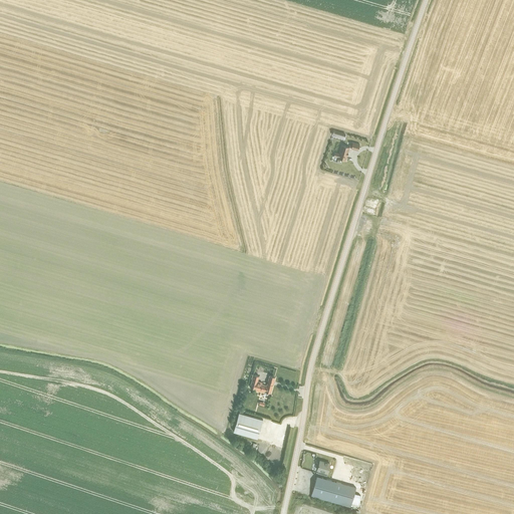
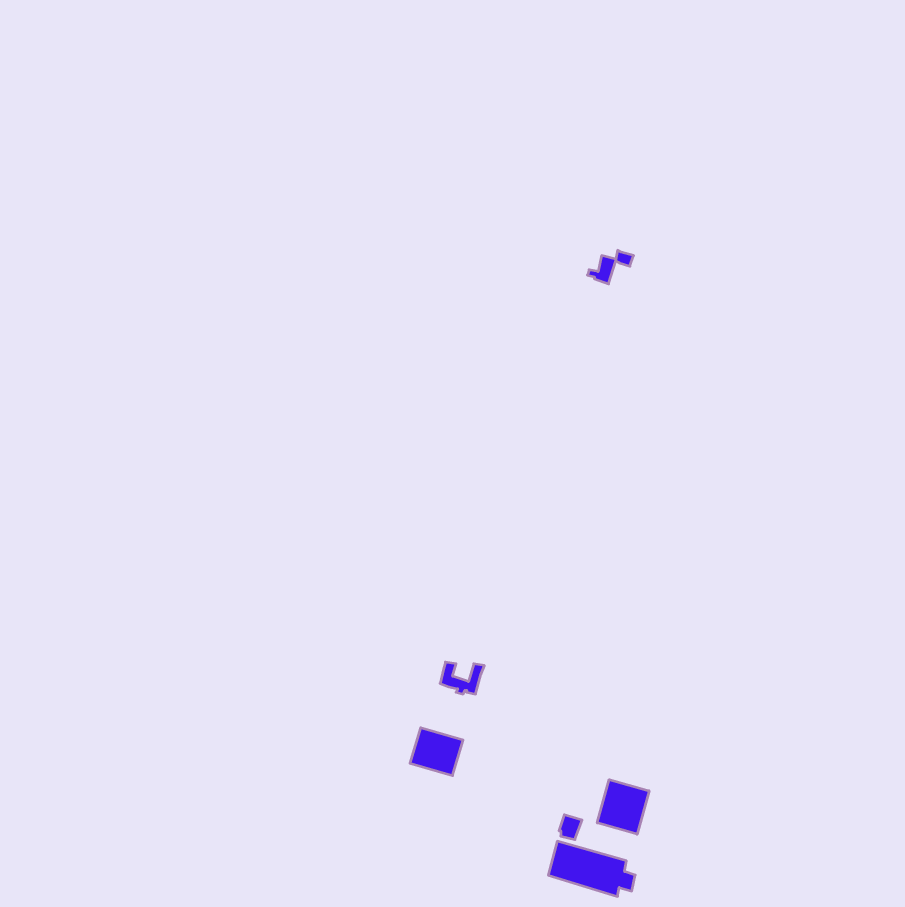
building: none -> [597,780,649,834]

